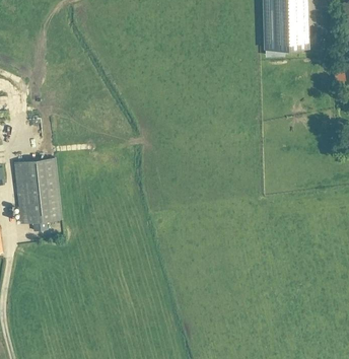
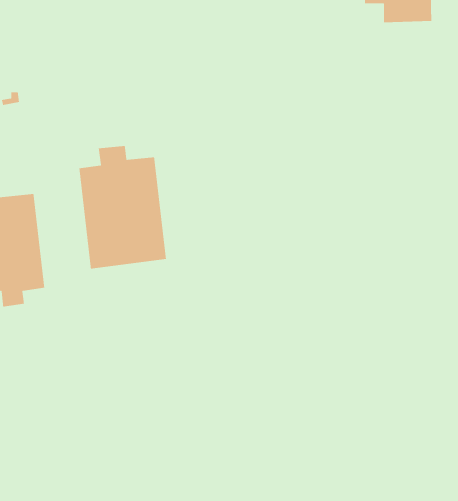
building: none -> [79,145,167,269]

